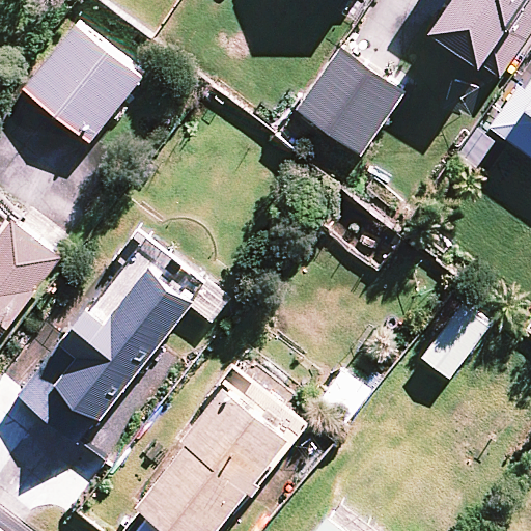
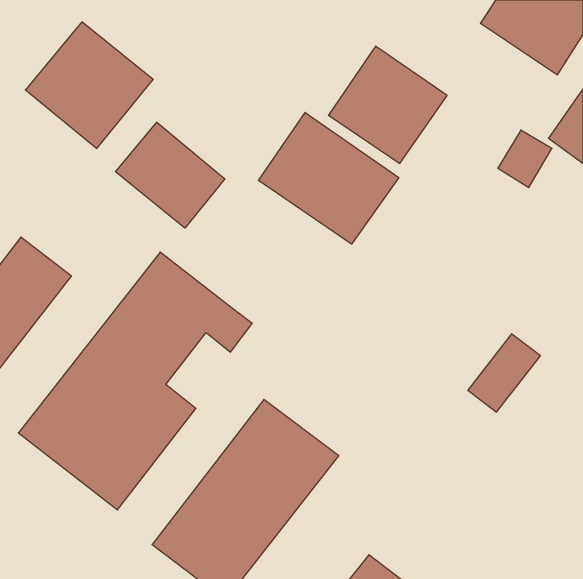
building: none -> [258,112,399,244]
building: none -> [116,122,225,228]

